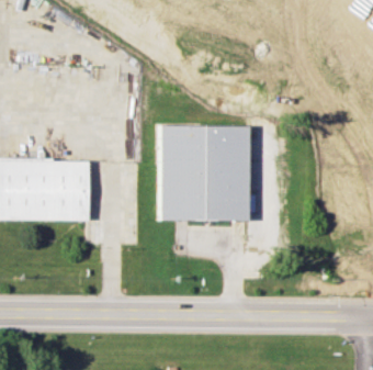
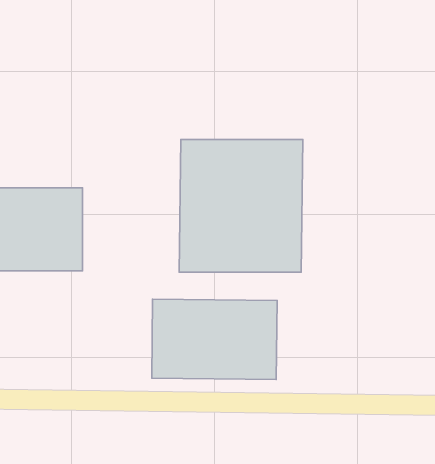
building: none -> [152,299,277,379]

